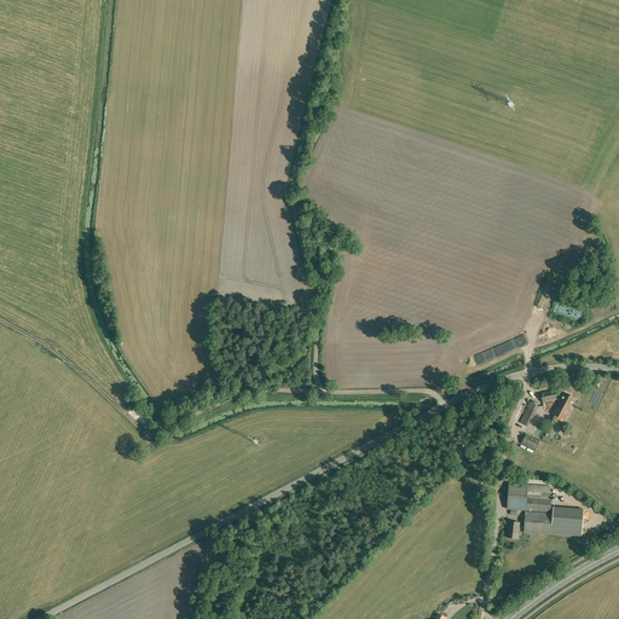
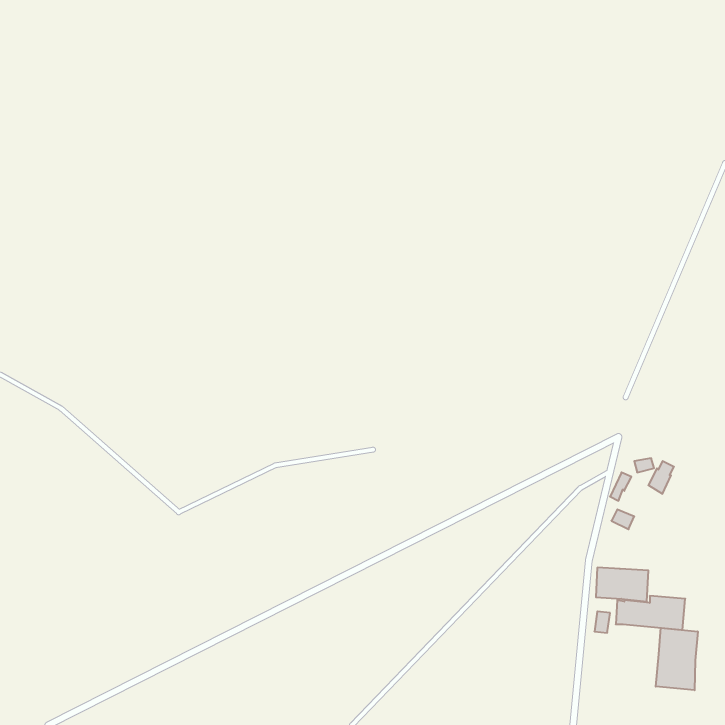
building: none -> [656,628,698,690]

